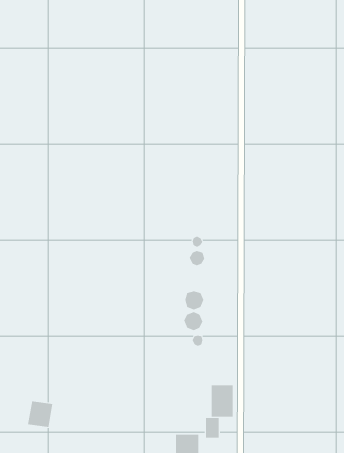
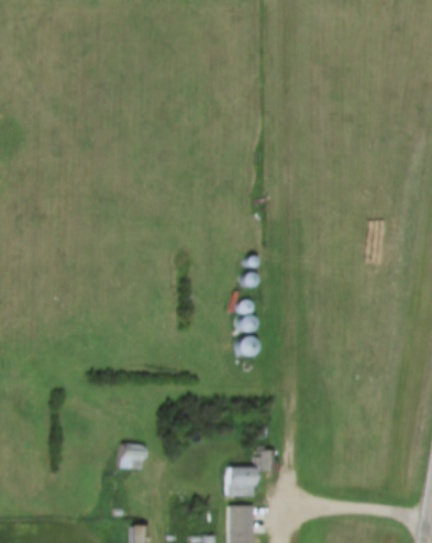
building: [211,385,233,417] -> none
building: [27,401,53,428] -> [118,442,145,470]

